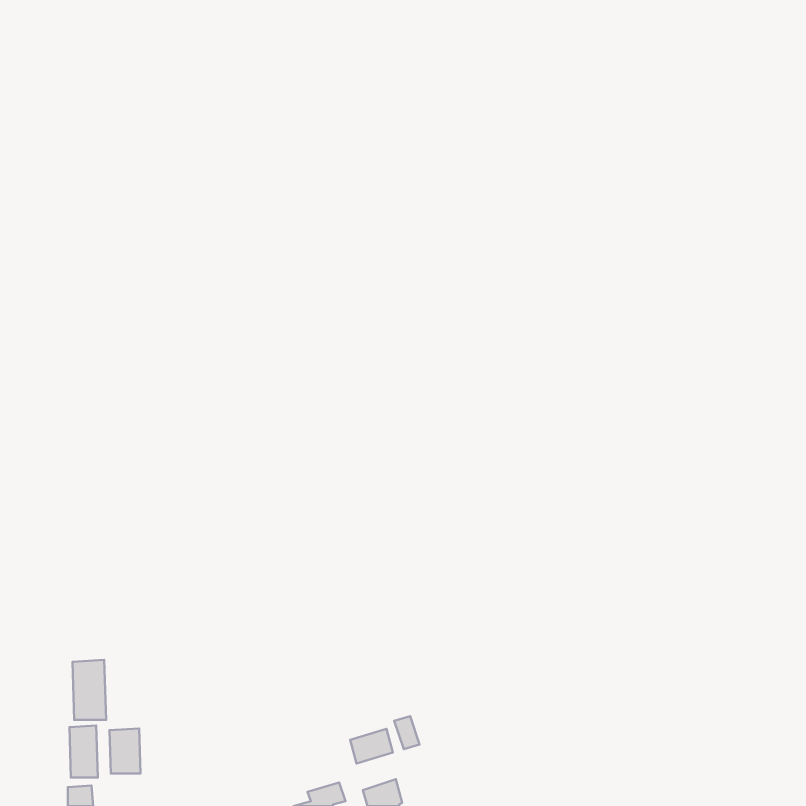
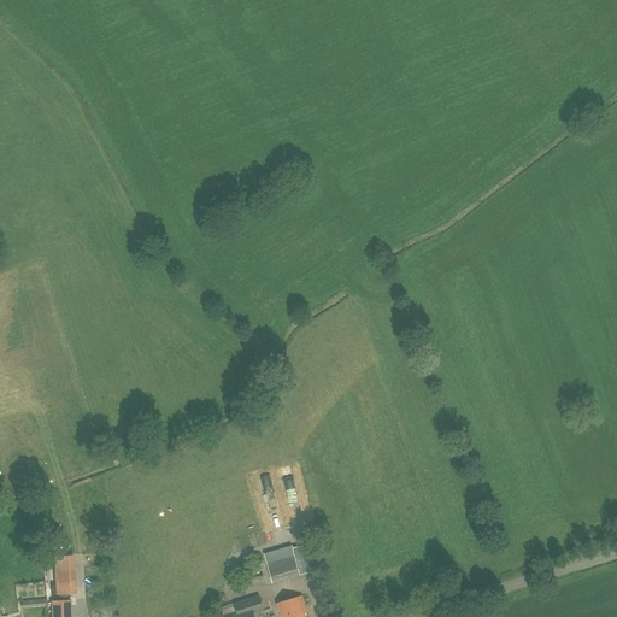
building: [72,660,106,720] -> none
building: [109,729,140,774] -> none

